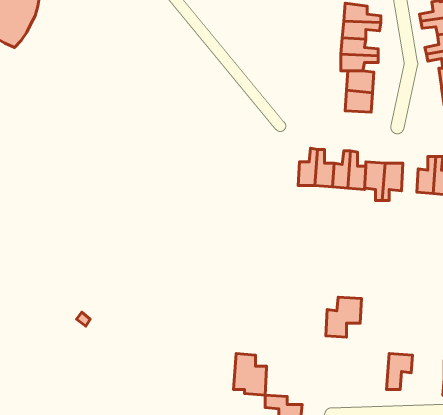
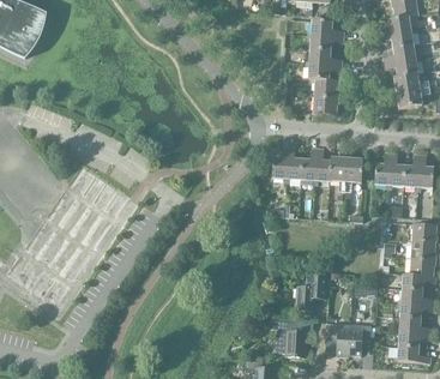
building: none -> [330,323,351,356]
building: [233,354,267,395] -> [277,320,306,356]

